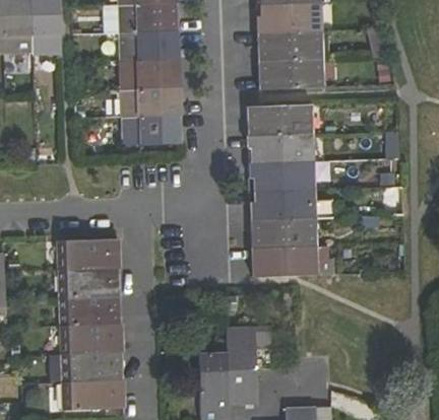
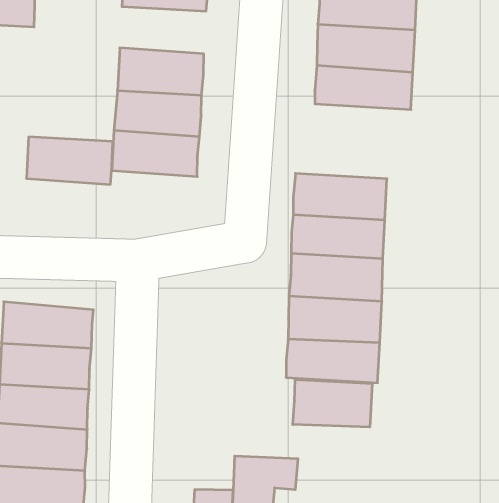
building: [120,29,179,60] -> [26,137,113,184]
building: [247,103,312,135] -> none
building: none -> [293,379,372,427]

